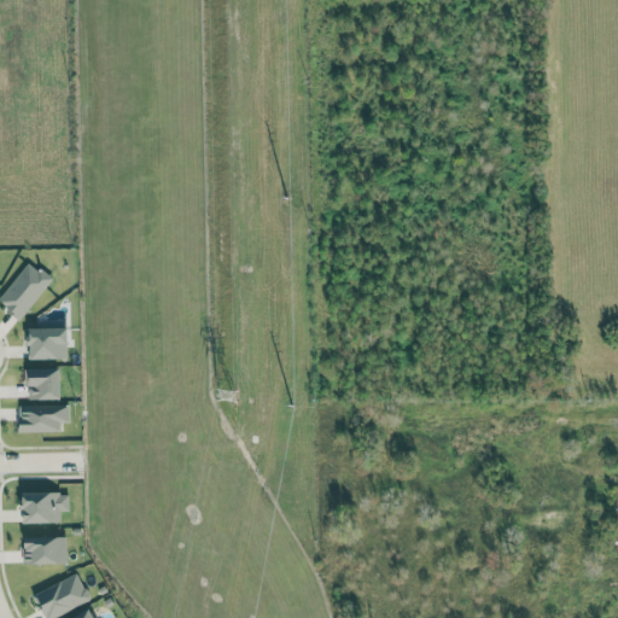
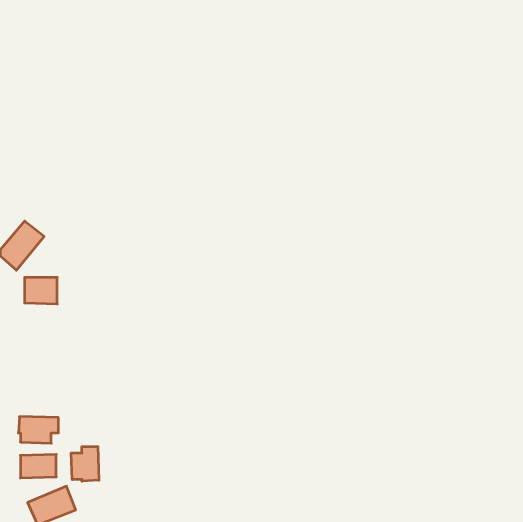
building: [25,368,62,401] -> none
building: [18,406,69,433] -> none
building: none -> [71,447,99,481]

